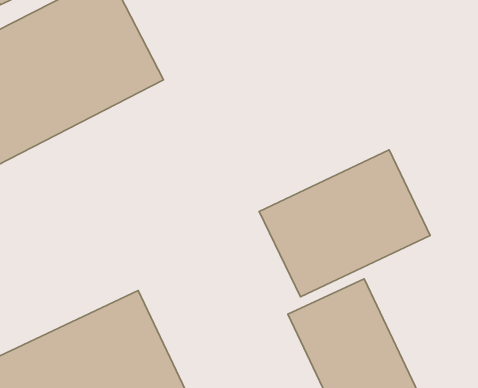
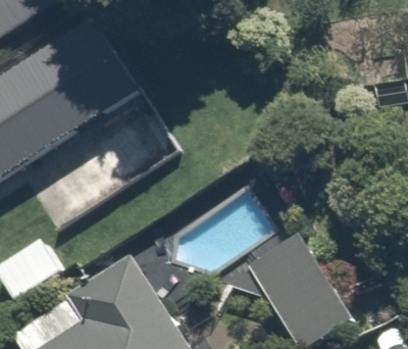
building: [259,150,430,297] -> none

